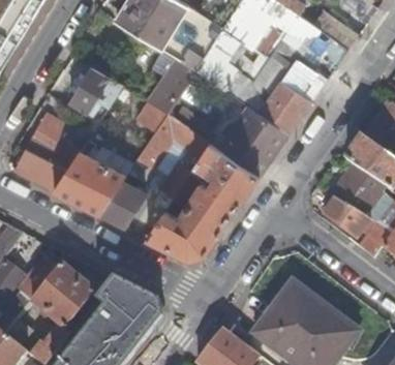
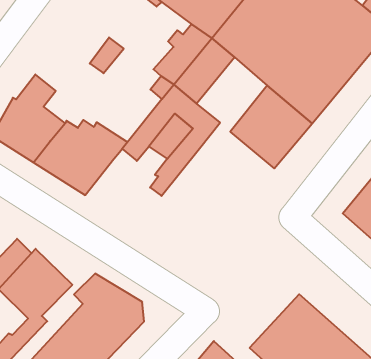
building: [67,65,107,111] -> none
building: [145,141,257,257] -> none
building: [98,180,143,224] -> none

